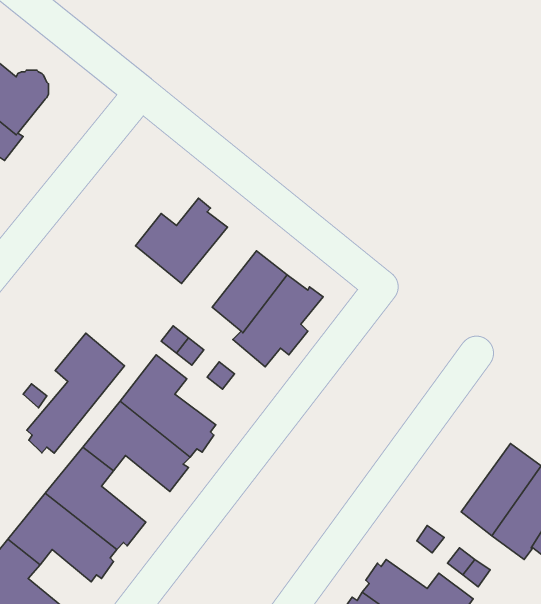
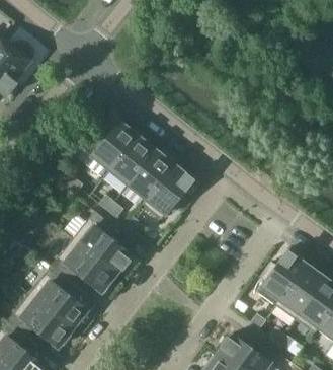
building: none -> [111,137,156,184]
building: [27,333,125,453] -> none
building: none -> [258,249,307,306]

